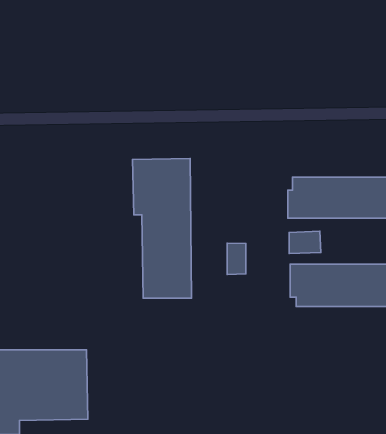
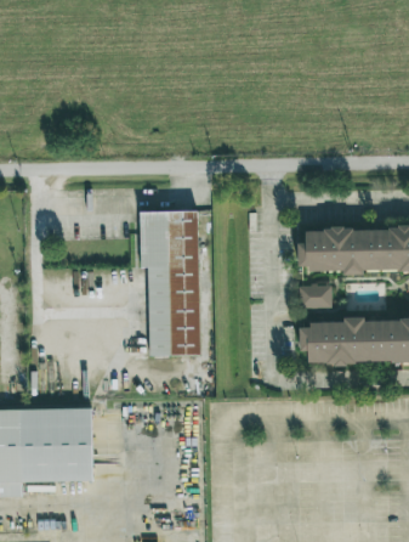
building: [227,243,246,275] -> none

